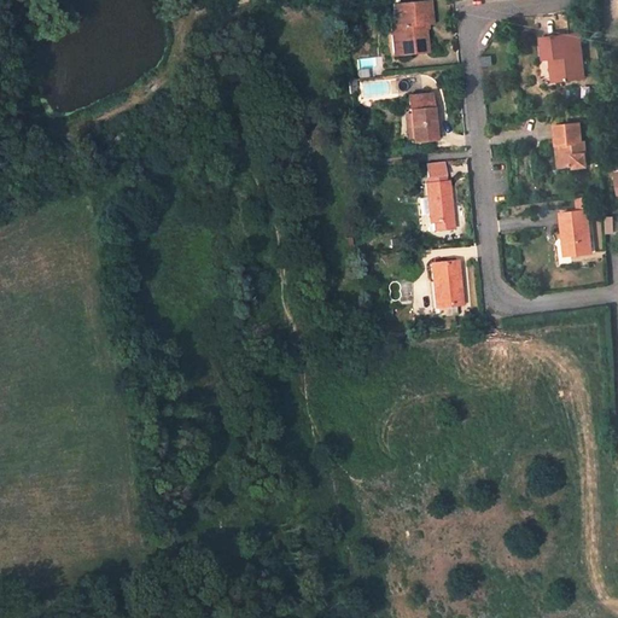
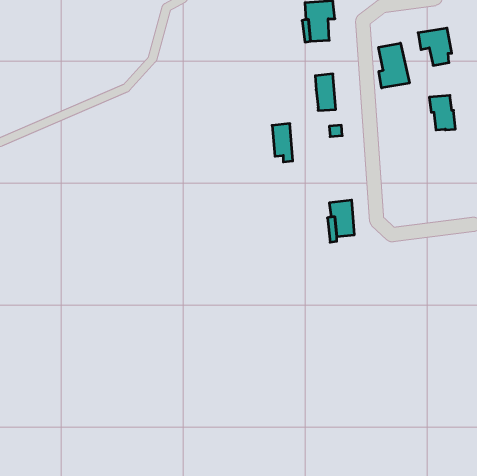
building: none -> [379,43,409,88]
building: [425,180,451,229] -> [272,124,293,162]
building: [561,208,593,253] -> none

